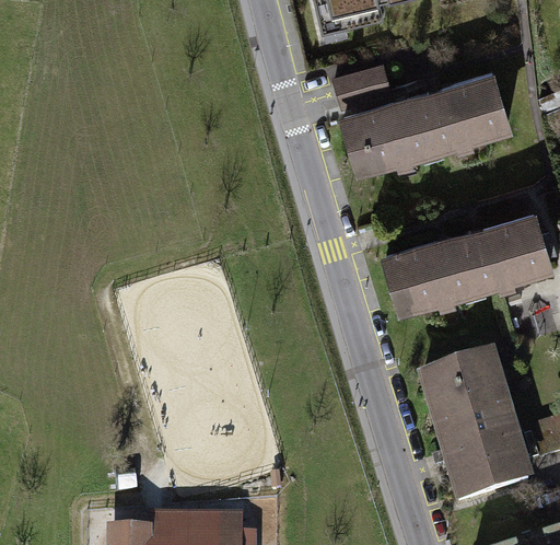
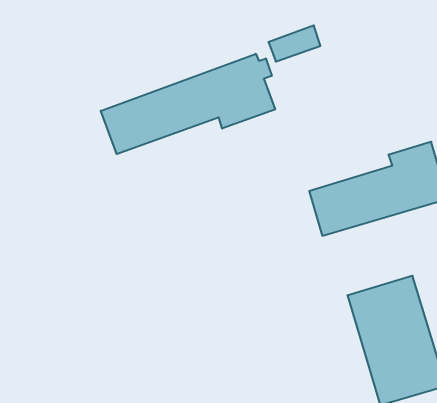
building: [345,74,517,176] -> none
building: none -> [101,54,275,154]

